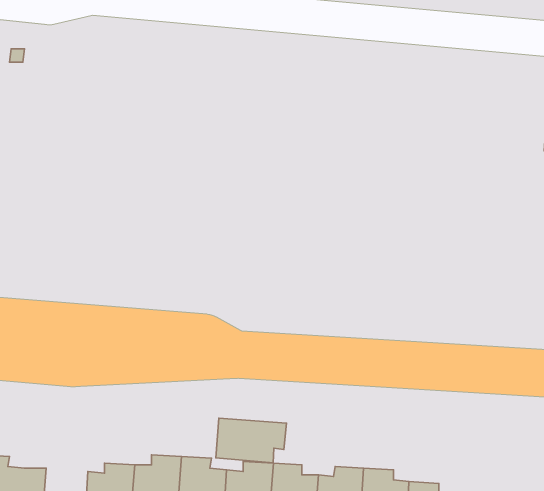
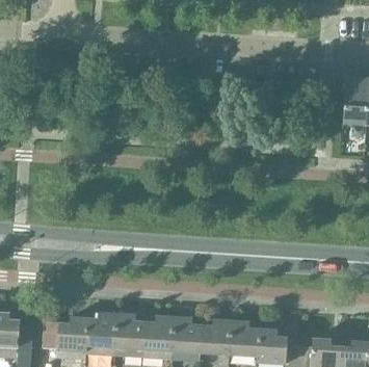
building: [216,418,286,463] -> none

